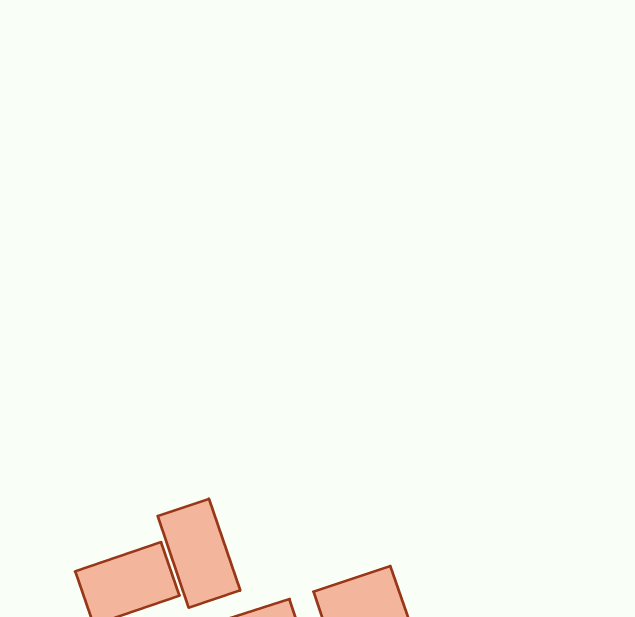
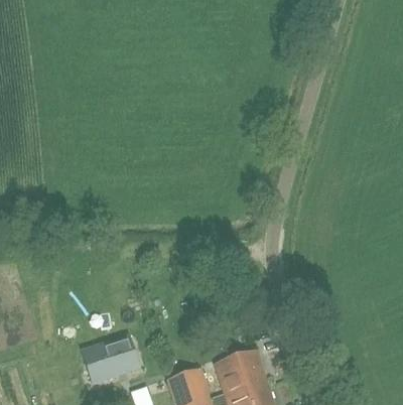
building: [158,499,240,608] -> none

